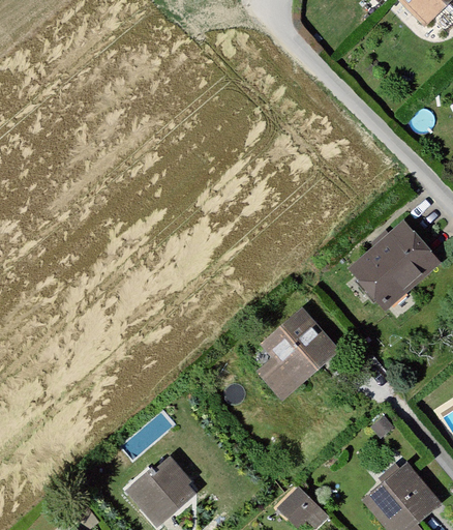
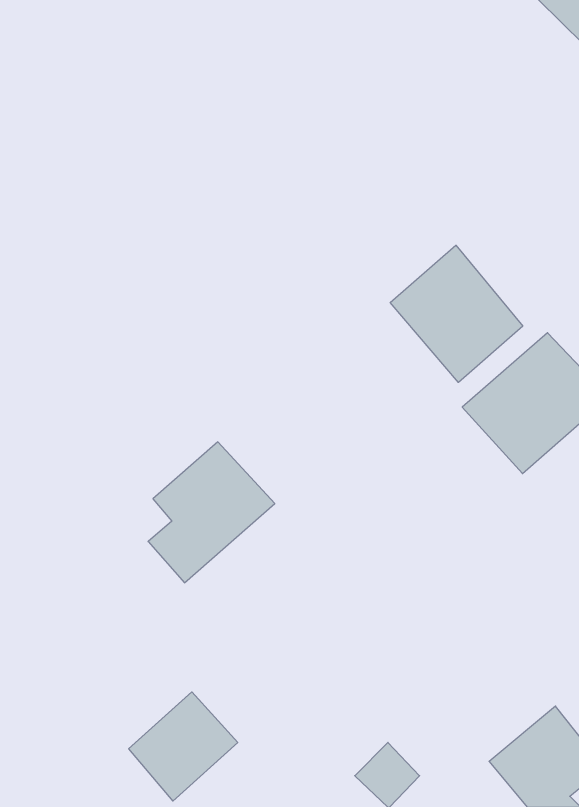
building: none -> [390,245,523,382]
building: [258,308,340,401] -> [148,442,275,583]

